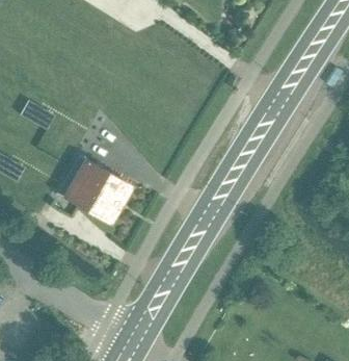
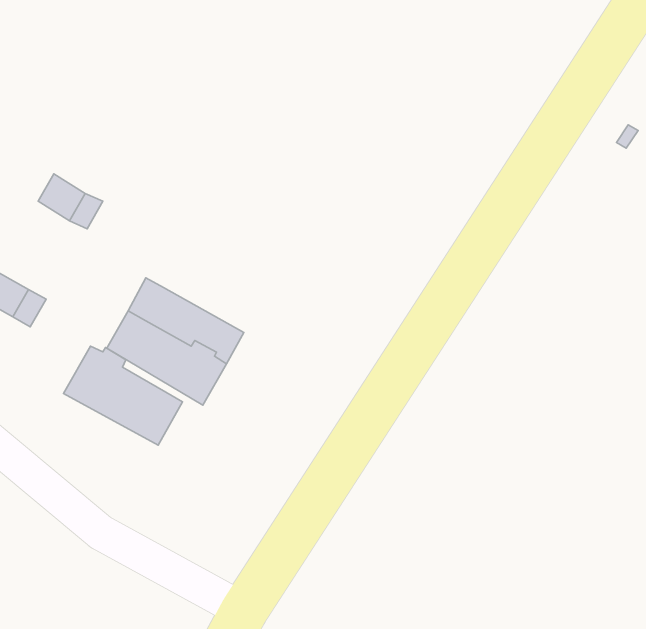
building: none -> [64,346,182,445]

